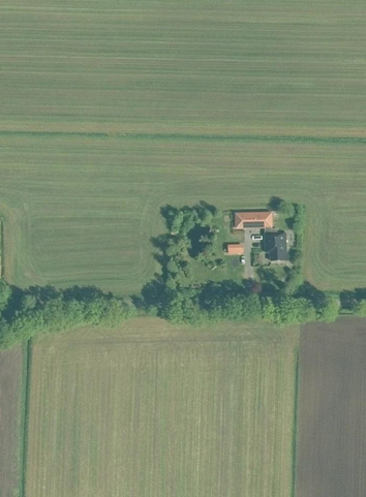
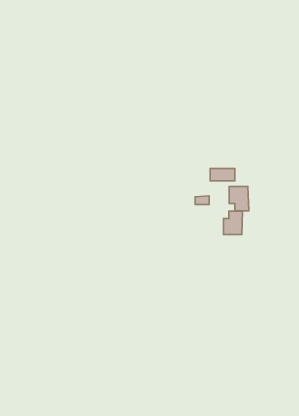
building: none -> [223,211,243,235]

